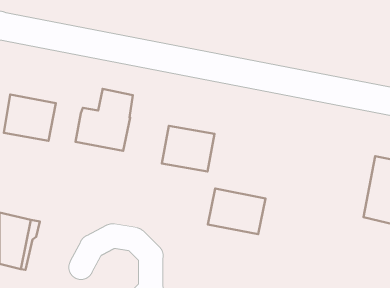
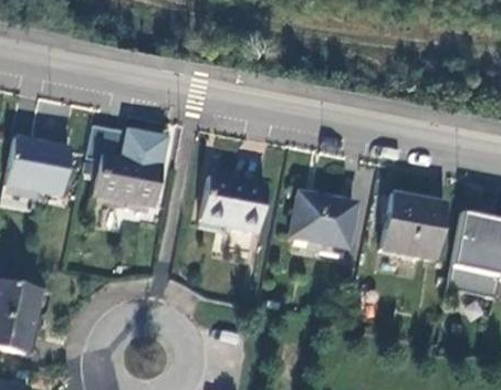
building: none -> [86,124,127,159]
building: none -> [380,194,443,261]
building: [208,189,265,234] -> [288,191,358,247]

